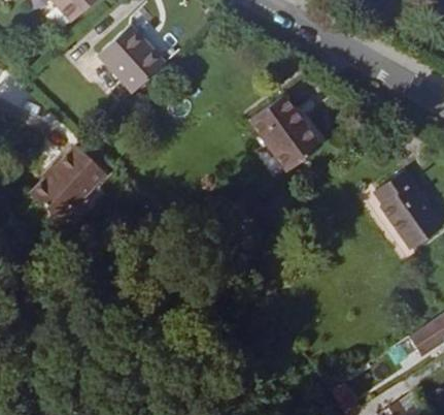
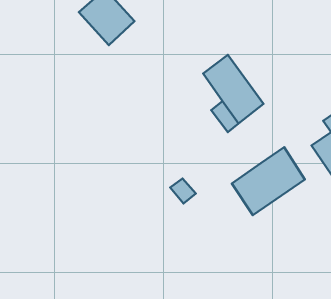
building: [32,142,112,221] -> none
building: none -> [232,147,305,215]

